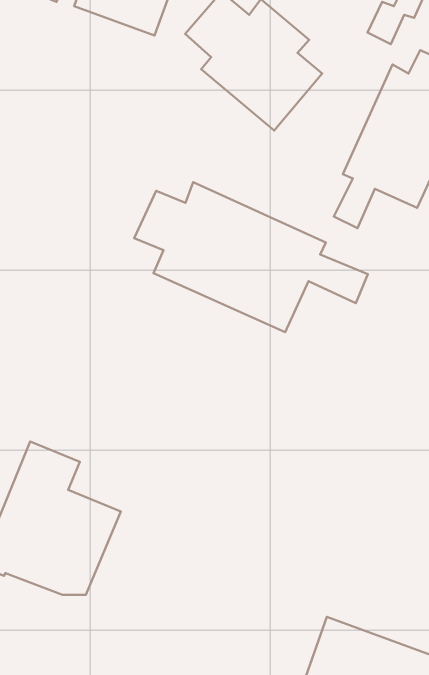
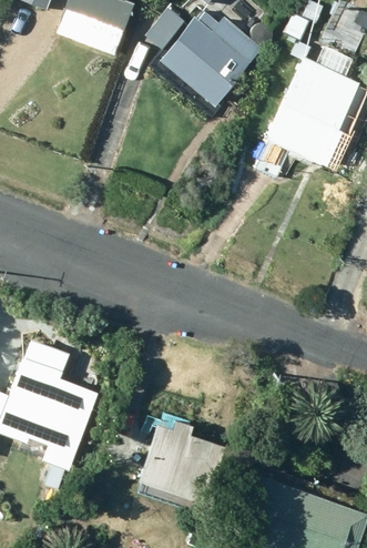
building: [134,182,368,332] -> none
building: none -> [133,422,222,507]

